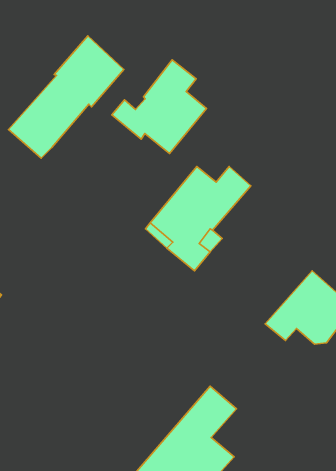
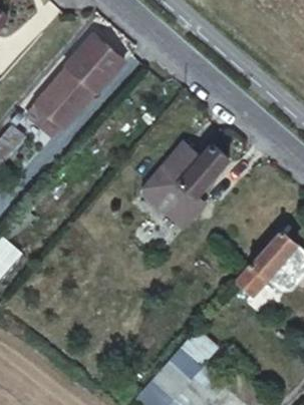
building: [112,60,206,154] -> none

